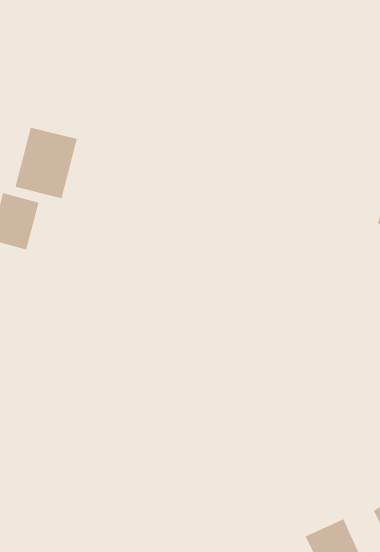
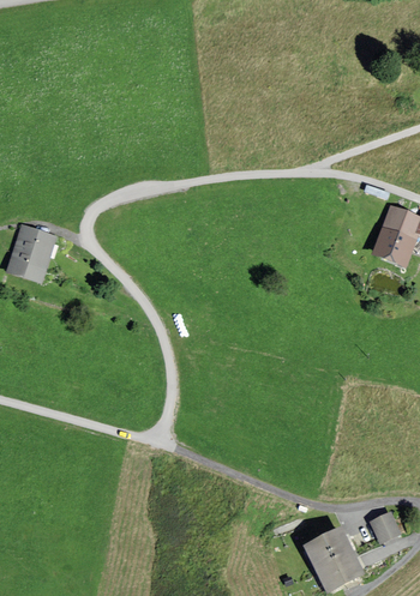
building: [14,127,78,199] -> none

